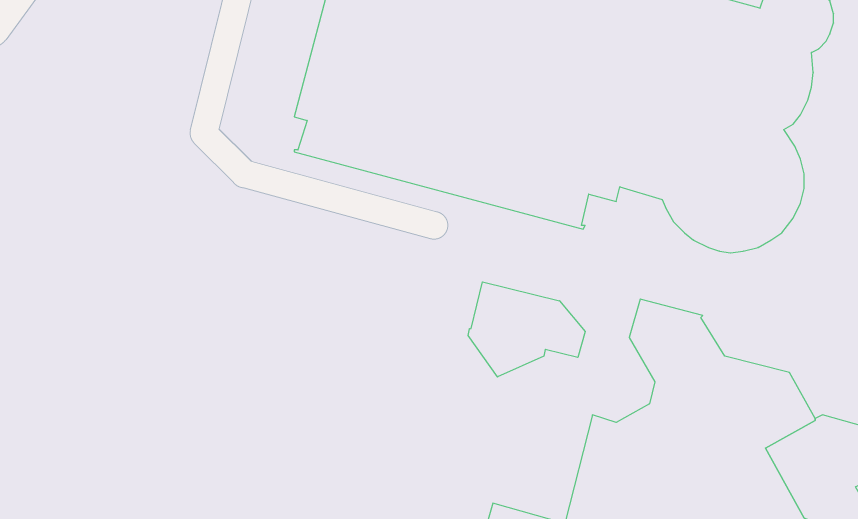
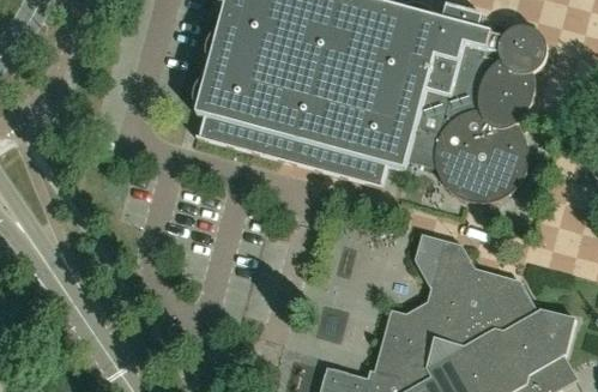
building: [468,282,585,377] -> none

